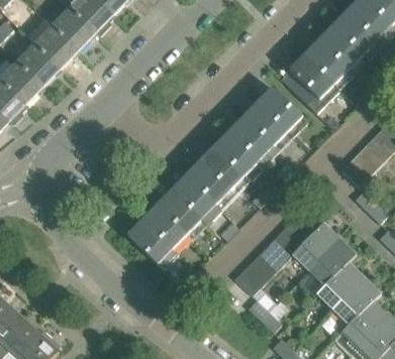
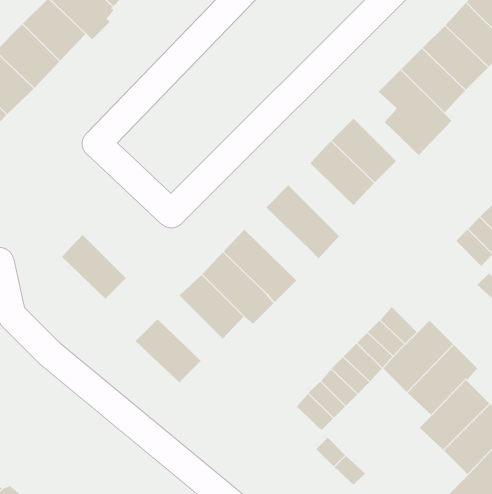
building: [229,118,278,166] -> none
building: [200,147,250,196] -> none
building: [142,206,186,249] -> [61,234,127,299]

